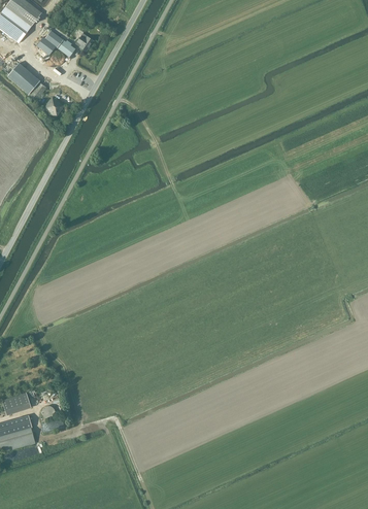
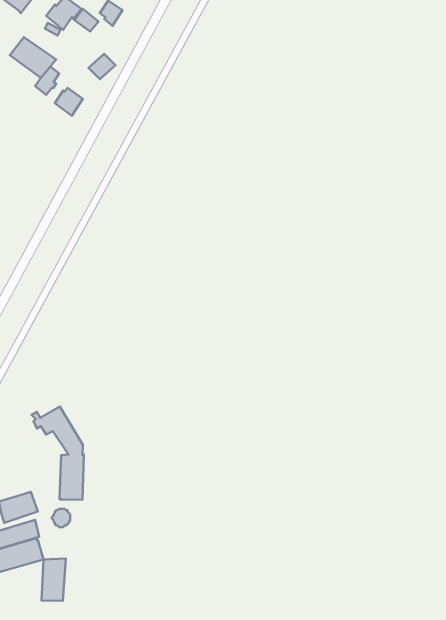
building: none -> [32,407,84,500]
building: none -> [41,559,66,601]

